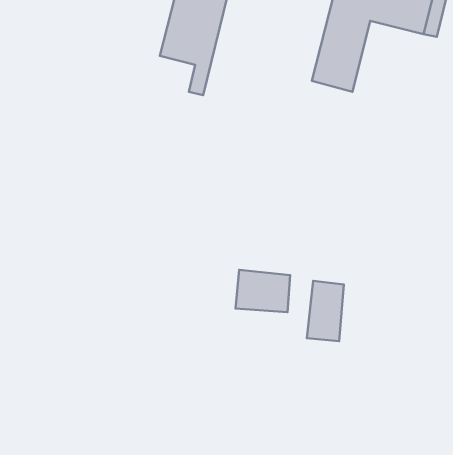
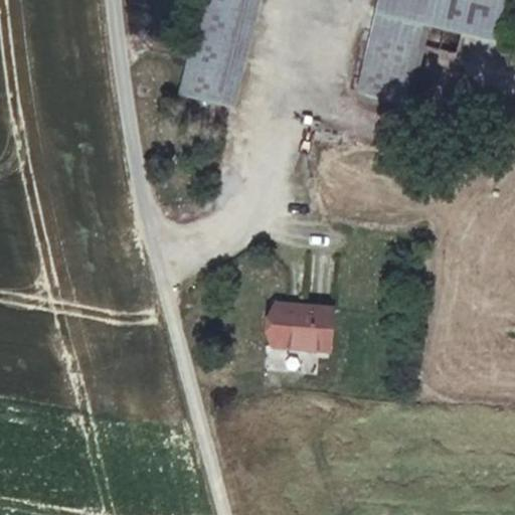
building: none -> [179,62,225,103]
building: [307,281,344,341] -> none

